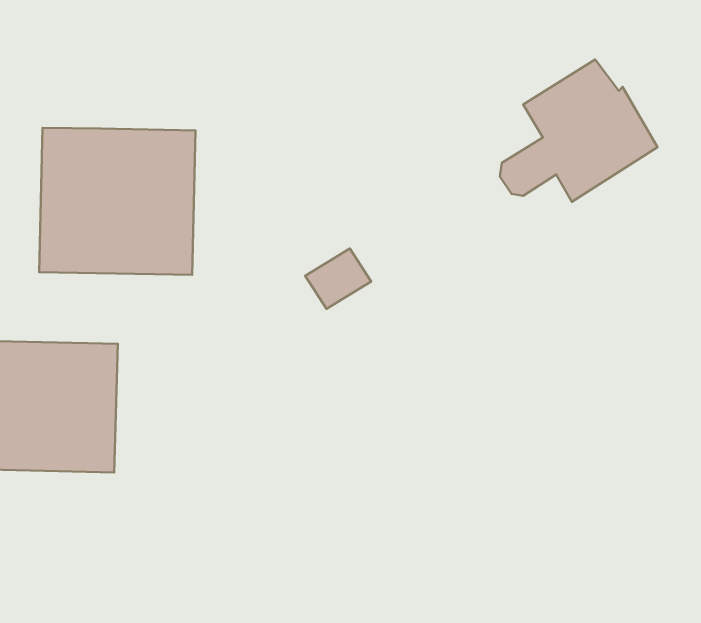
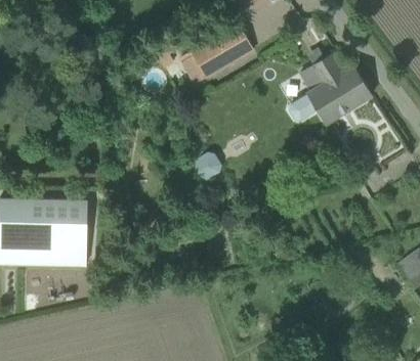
building: none -> [179,24,256,85]
building: [39,128,196,275] -> none

